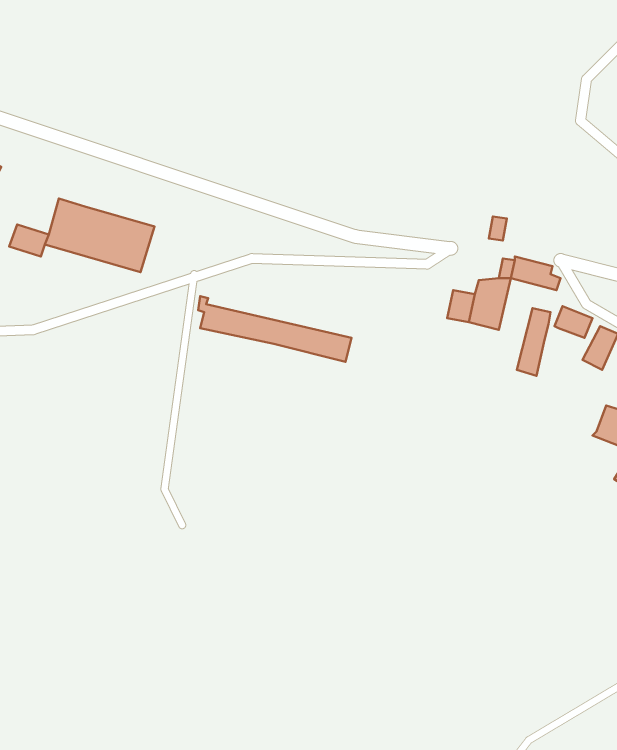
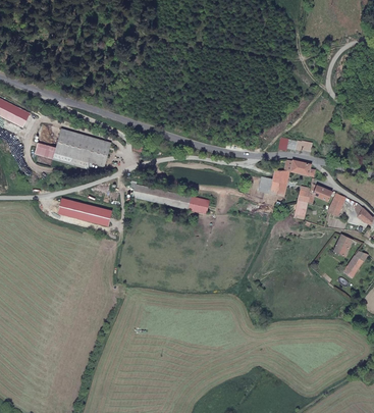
building: none -> [55,196,112,226]

